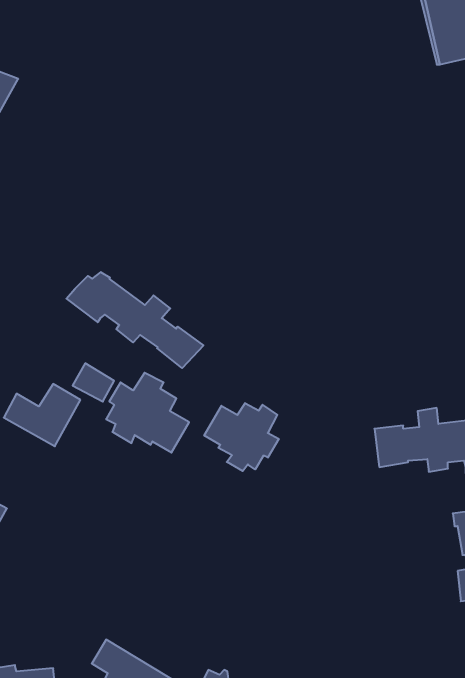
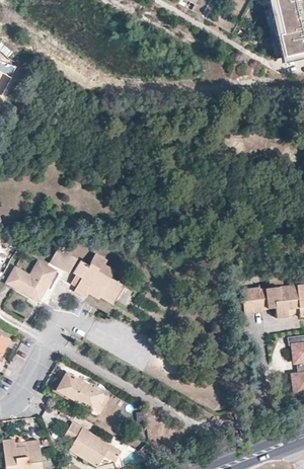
building: [66,272,203,368] -> none
building: [204,403,279,471] -> none
building: none -> [56,372,109,414]

